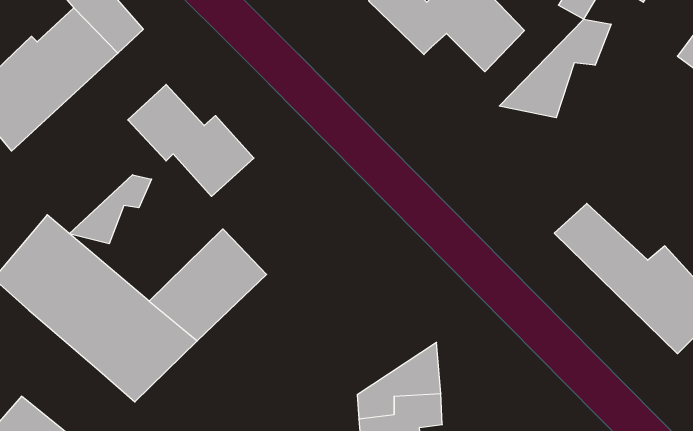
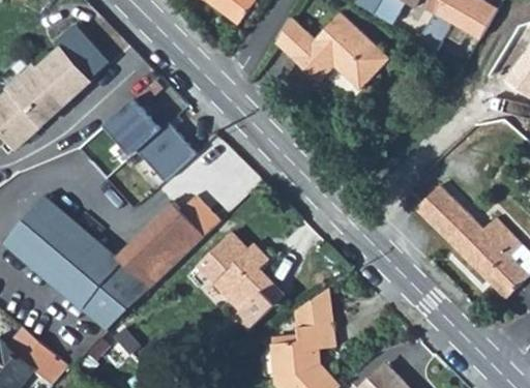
building: [499,19,611,118] -> none
building: [69,175,152,244] -> none
building: none -> [178,197,219,238]
building: none -> [198,233,284,327]

